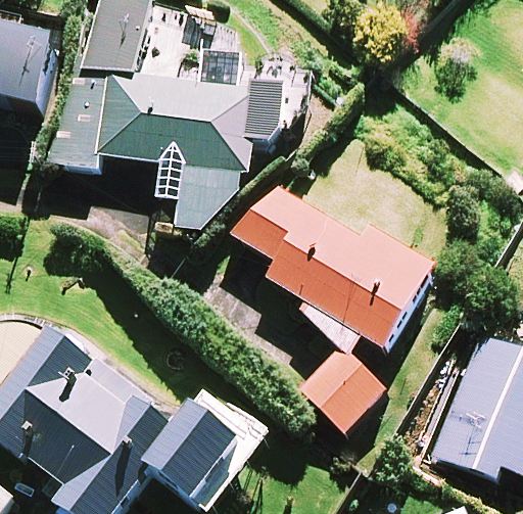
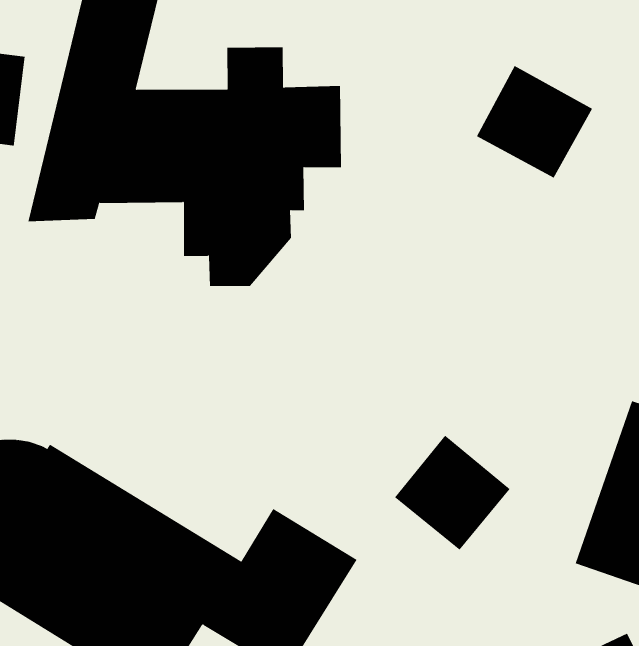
building: none -> [476,65,593,179]
building: [229,187,436,352] -> none

